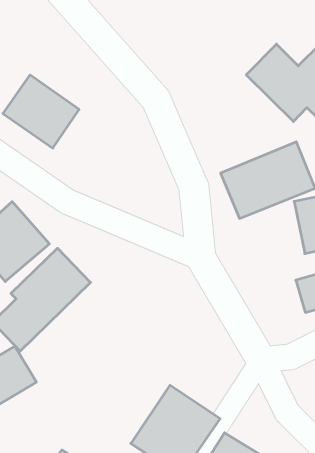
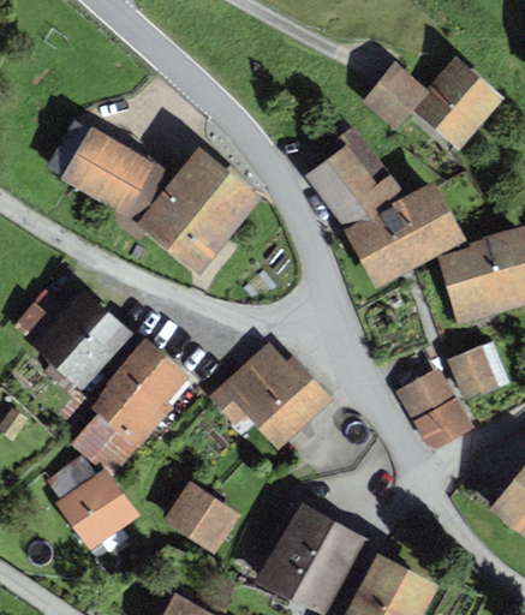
building: none -> [138,149,258,271]
building: none -> [309,136,399,225]
building: none -> [204,342,330,449]
building: none -> [398,369,471,449]
building: none -> [162,480,237,551]

